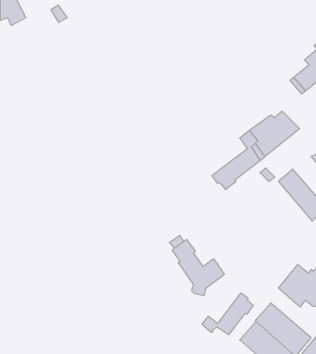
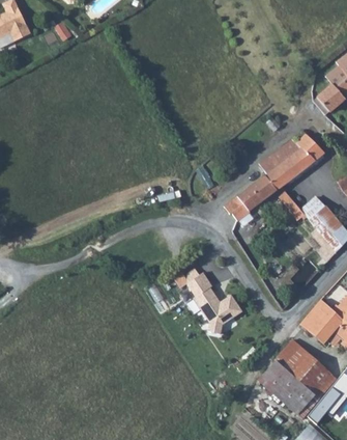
building: [202,293,253,335] -> none

